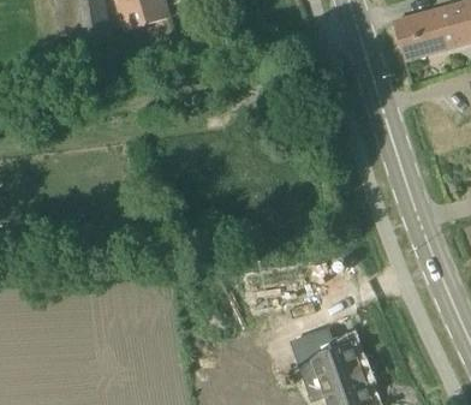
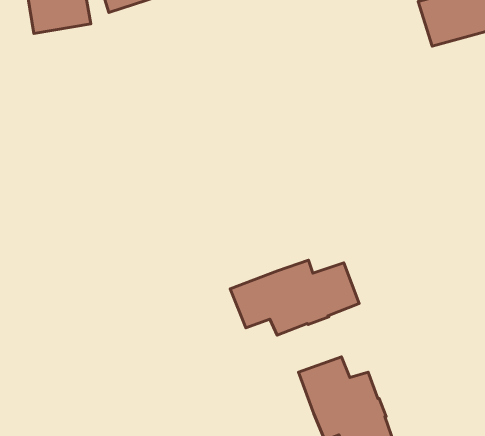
building: none -> [230,260,359,335]

